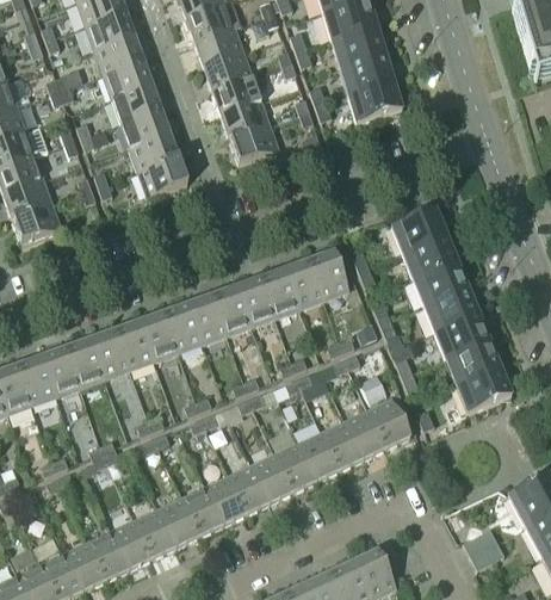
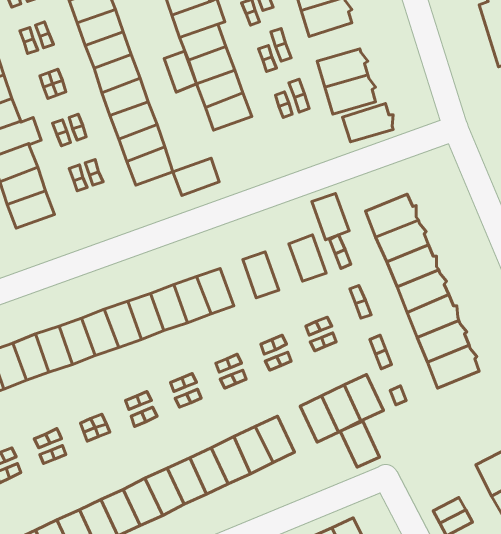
building: [332,26,385,67] -> [343,104,393,142]
building: none -> [164,51,196,92]
building: [230,125,279,165] -> [173,158,219,195]
building: [285,260,324,309] -> [312,194,349,240]
building: [237,277,276,326] -> none
building: [298,432,340,481] -> [340,421,380,467]

